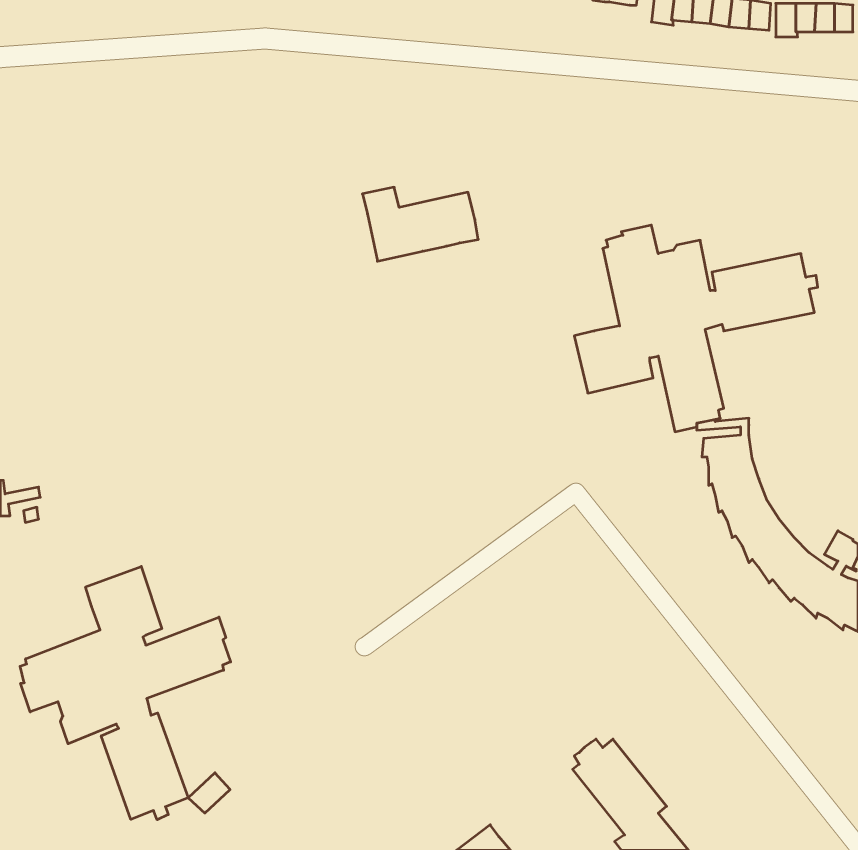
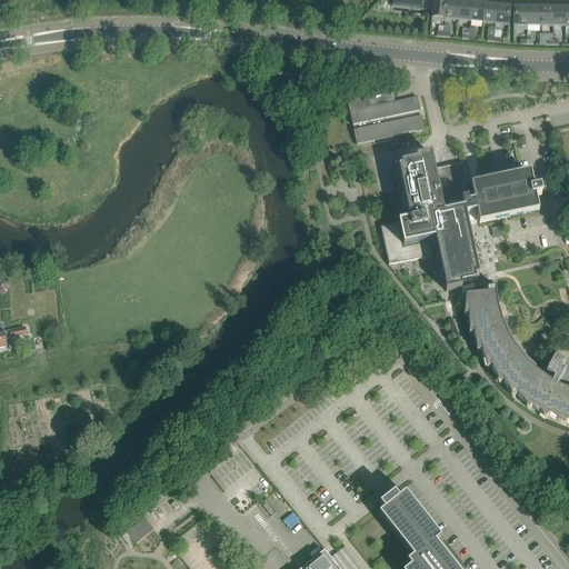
building: [362,187,478,261] -> [347,90,423,139]
building: [20,566,231,820] -> none

